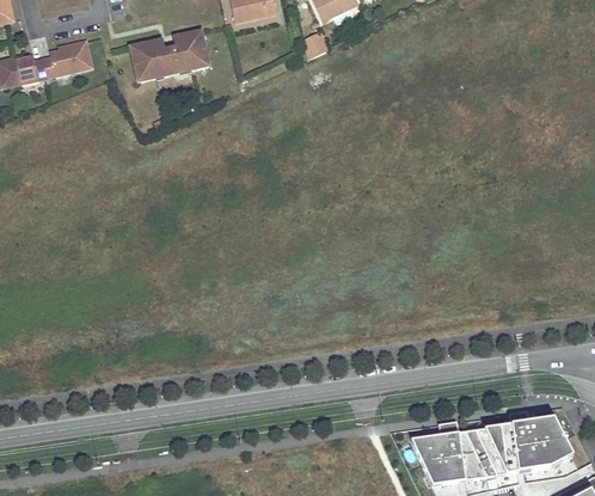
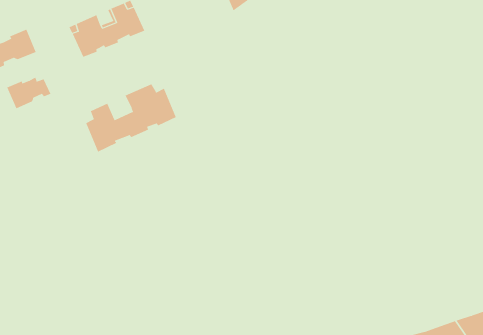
building: none -> [6,77,51,109]
building: none -> [85,84,176,153]

